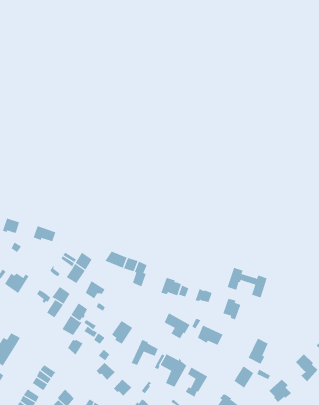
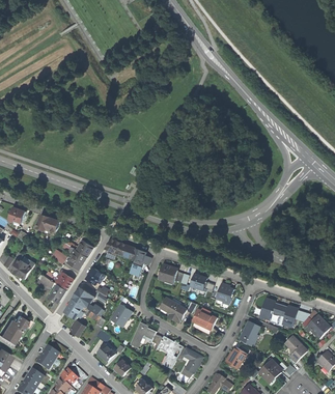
building: [227,267,268,298] -> [259,298,298,327]

